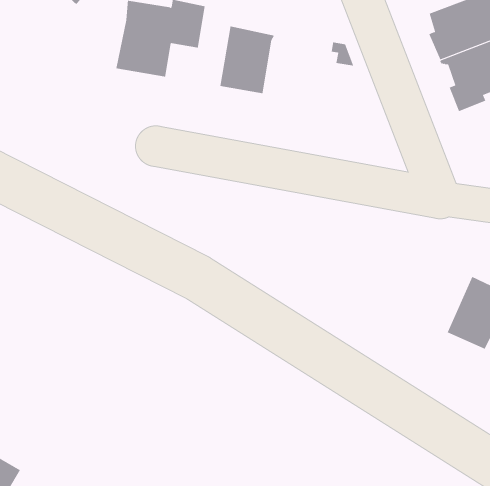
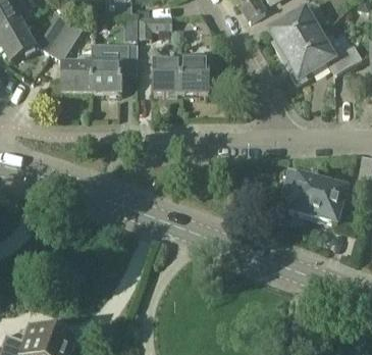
building: none -> [61,63,92,93]
building: none -> [180,53,212,94]
building: none -> [281,166,322,215]

